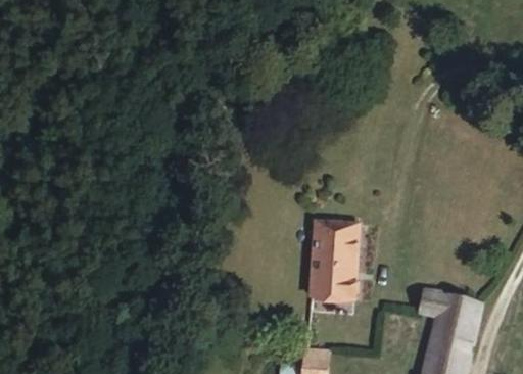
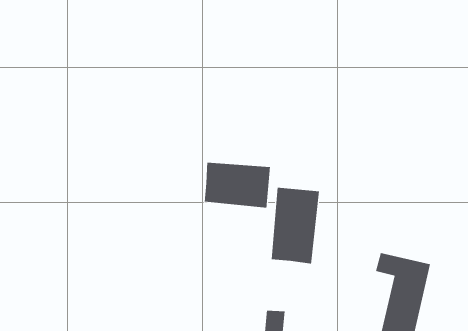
building: none -> [204,162,271,209]

